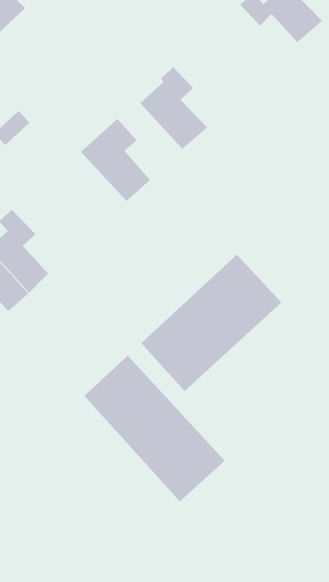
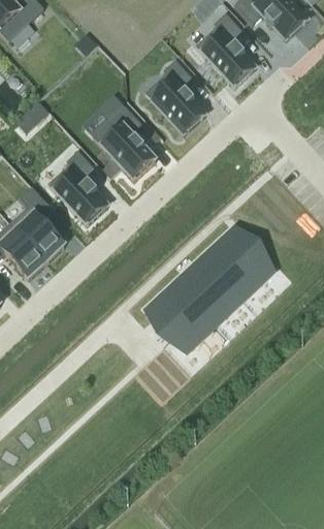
building: none -> [196,13,256,88]
building: none -> [48,151,108,225]
building: [84,355,225,502] -> none

